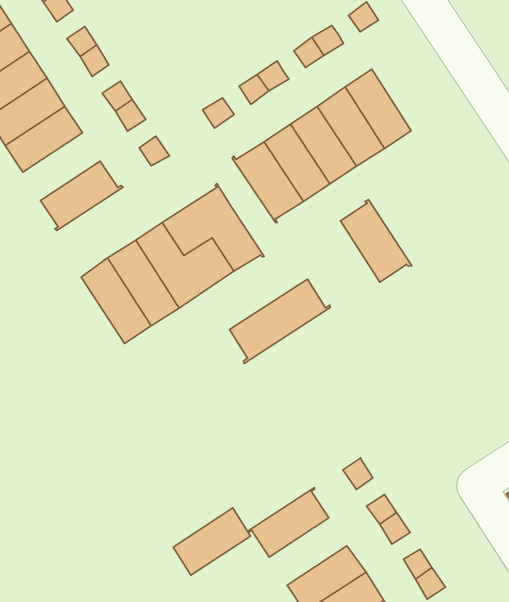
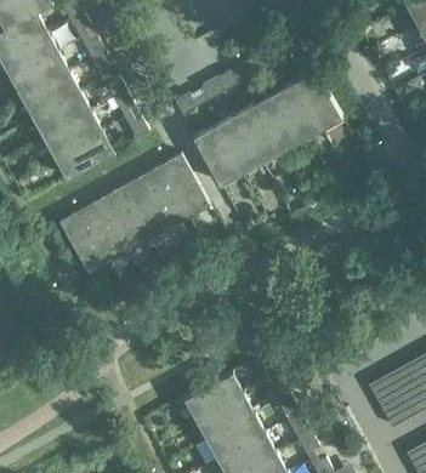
building: none -> [45,113,100,158]
building: [341,200,412,282] -> [294,70,341,129]
building: none -> [57,213,107,275]
building: [229,279,330,363] -> none
building: [173,508,251,575] -> [197,394,251,439]

